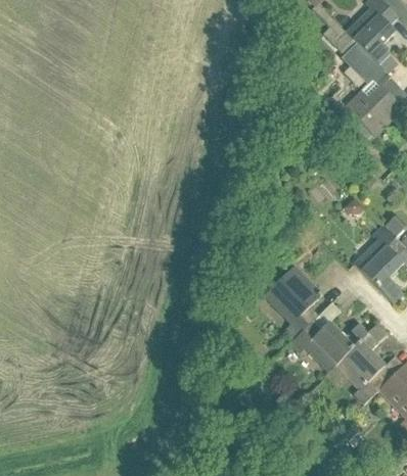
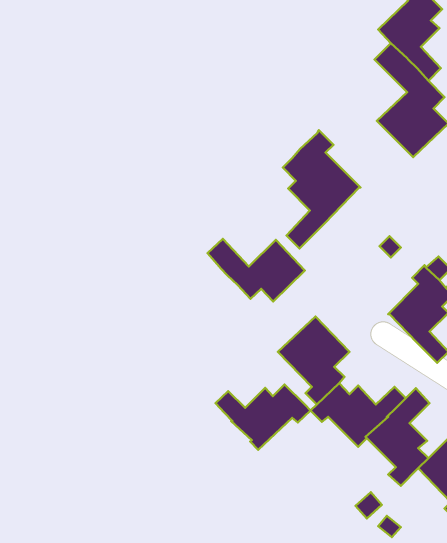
building: none -> [283,130,361,249]
building: none -> [208,239,305,301]
building: none -> [215,384,310,450]

